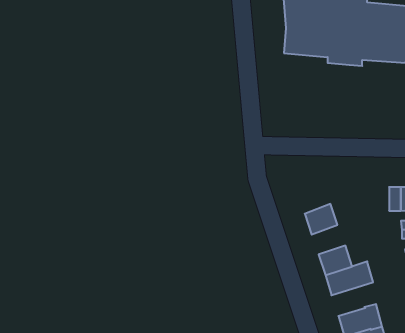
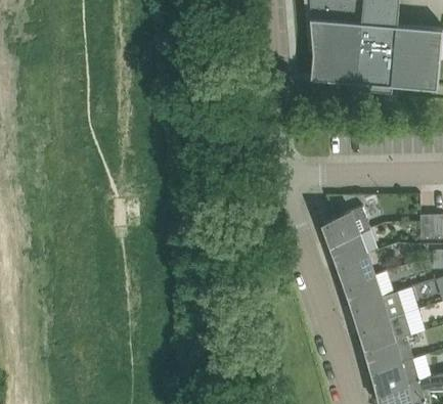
building: none -> [324,207,365,242]
building: none -> [340,254,374,284]
building: none -> [360,313,410,348]

